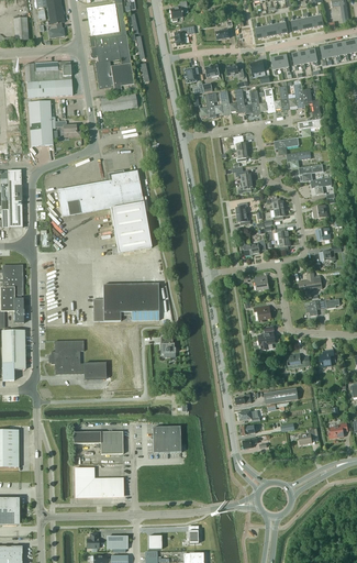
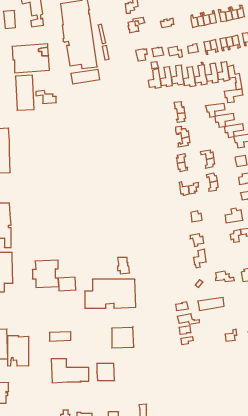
building: [57,169,150,252] -> none
building: [93,283,159,320] -> [85,279,136,308]
building: [100,431,123,453] -> [97,364,115,381]
building: none -> [8,336,28,366]

